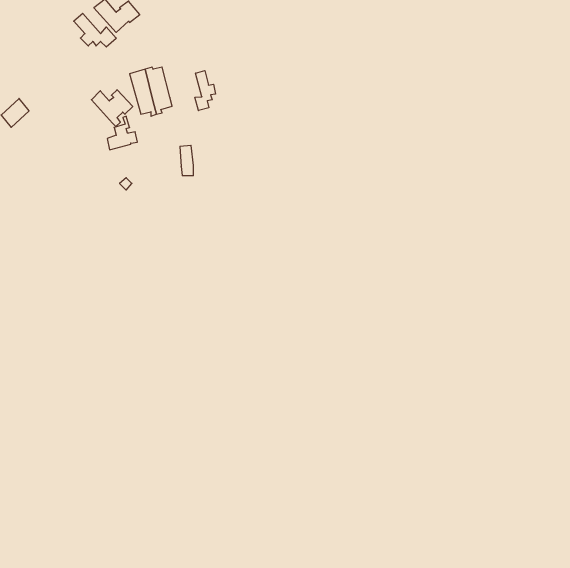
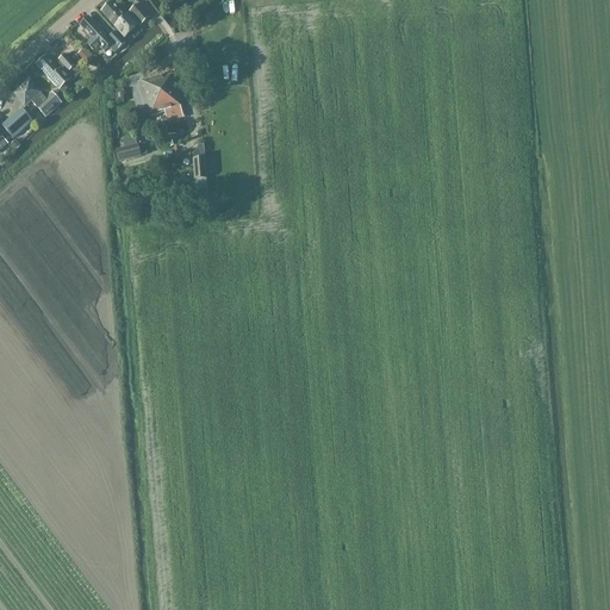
building: [195,71,215,111] -> none
building: none -> [12,76,60,114]
building: [91,90,133,127] -> [36,51,80,91]

